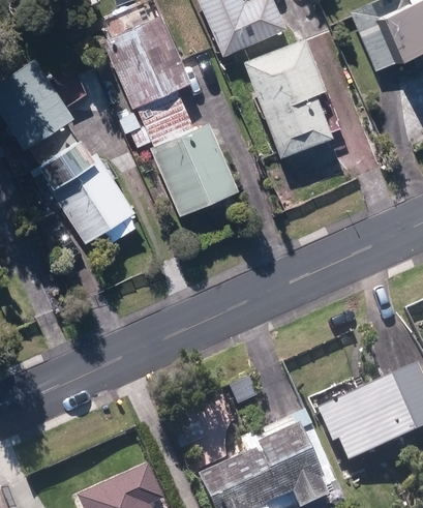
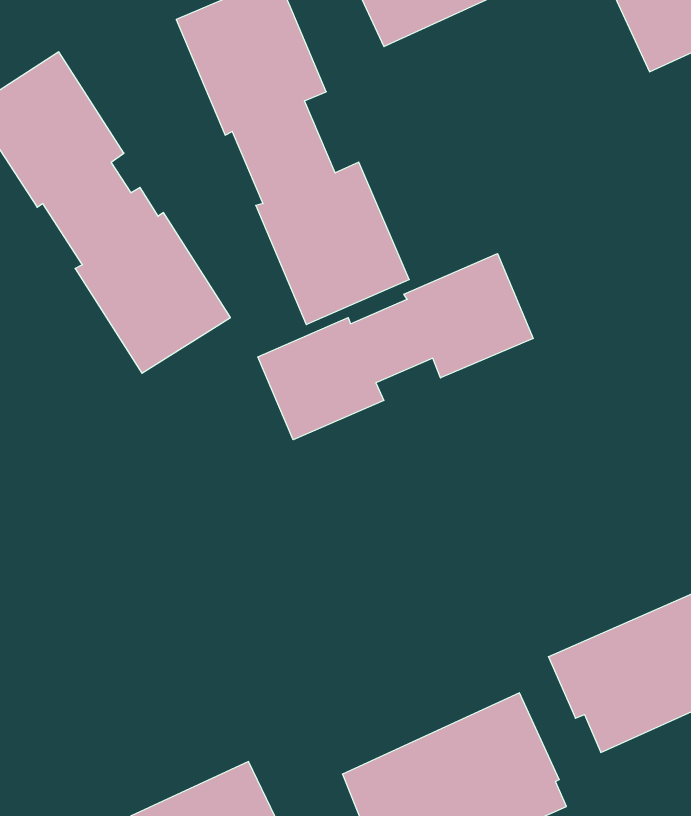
building: [245,37,334,155] -> none
building: none -> [258,254,533,440]

